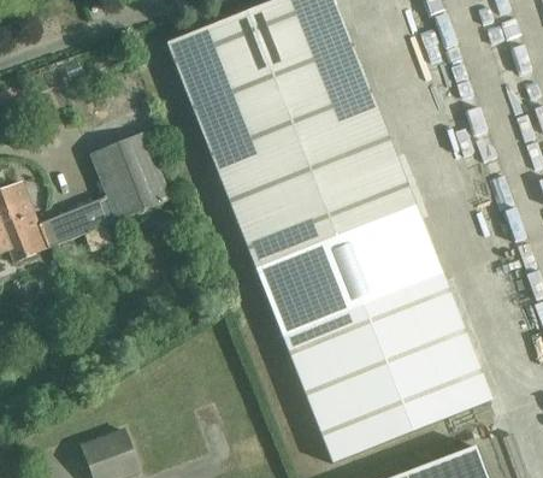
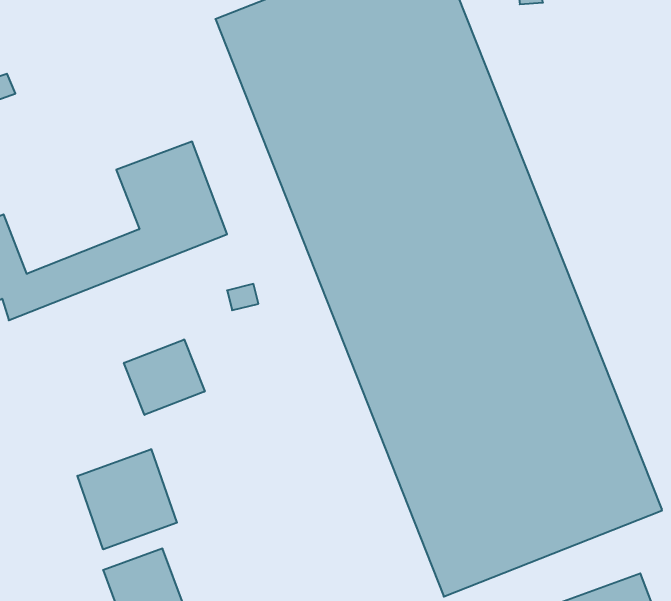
building: none -> [124,339,205,415]
building: none -> [77,449,177,549]

